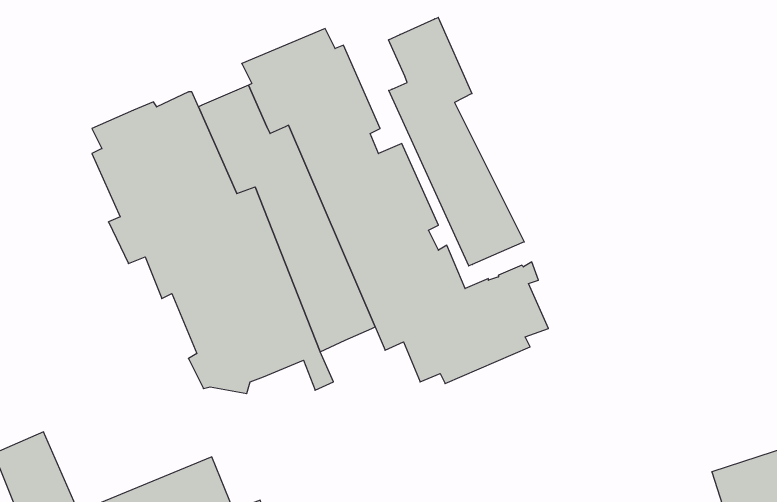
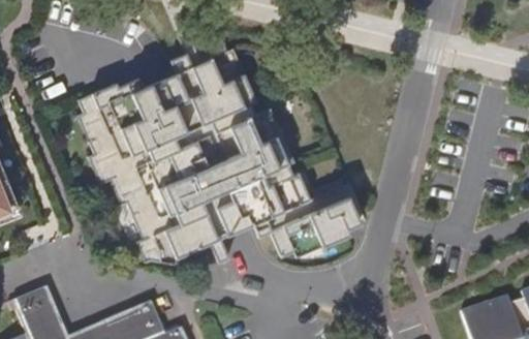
building: [389,17,524,266] -> none

